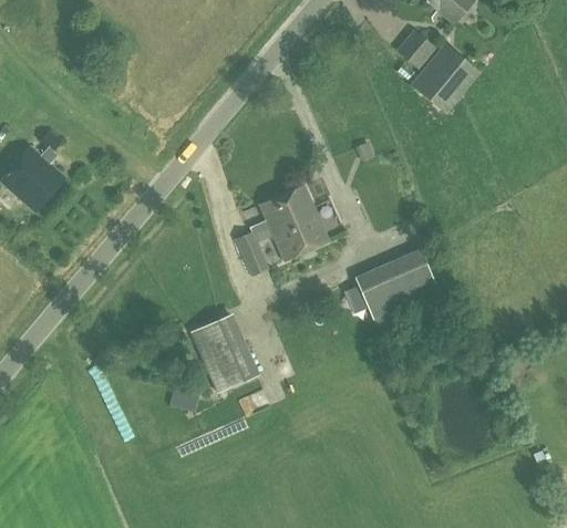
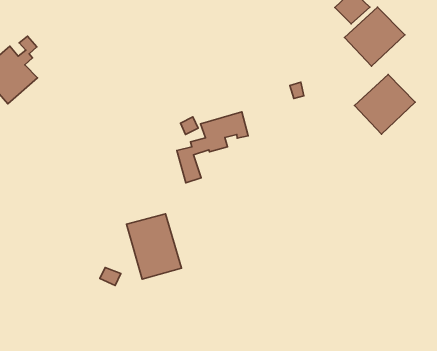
building: none -> [354,74,415,134]
building: [274,211,329,260] -> none
building: [353,249,437,319] -> none

